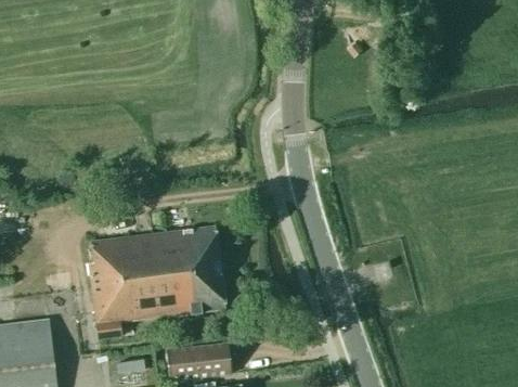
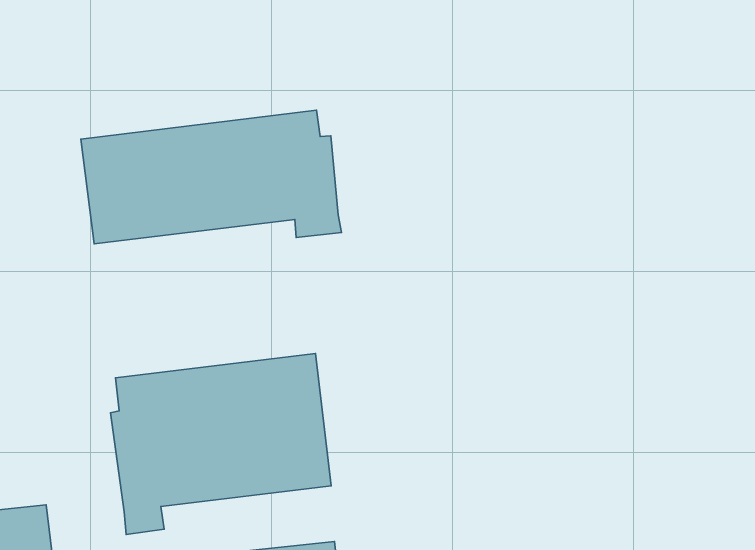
building: none -> [81,110,342,244]

